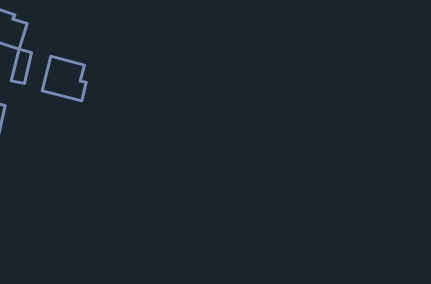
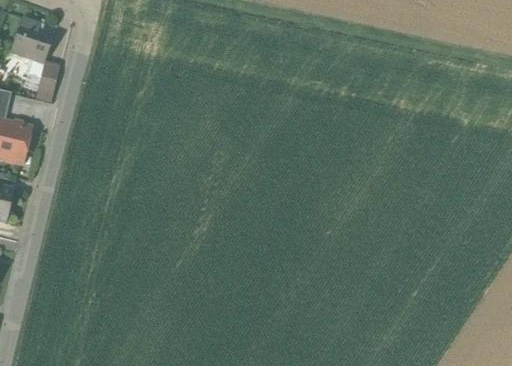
building: [42,56,86,101] -> none

